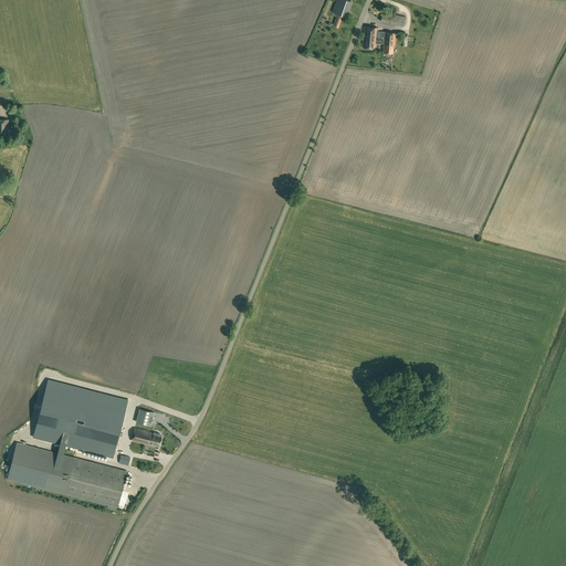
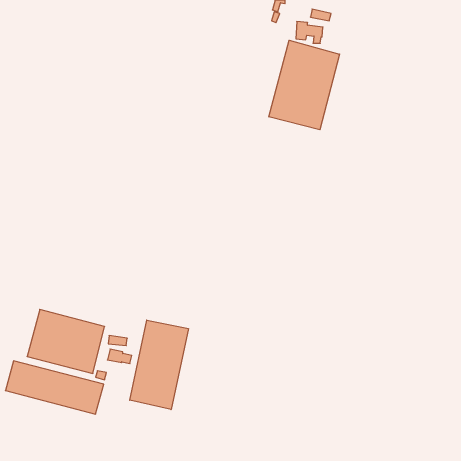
building: none -> [269,40,340,130]
building: none -> [130,320,188,410]

